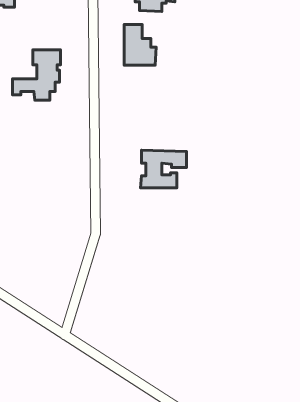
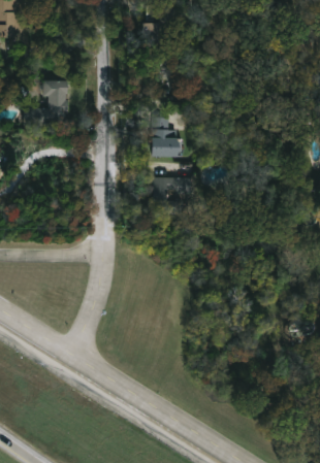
building: [124,25,156,65] -> [151,118,182,157]

